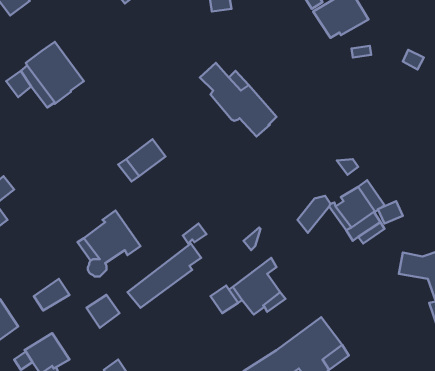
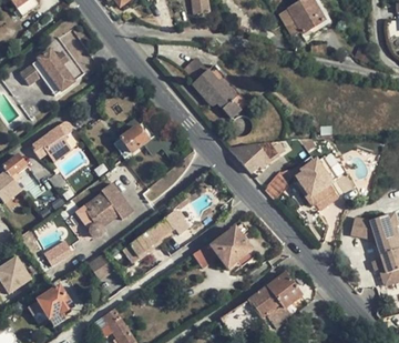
building: none -> [32,121,72,161]
building: none -> [227,141,285,173]

